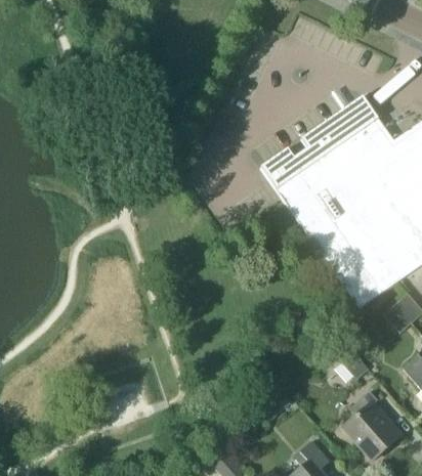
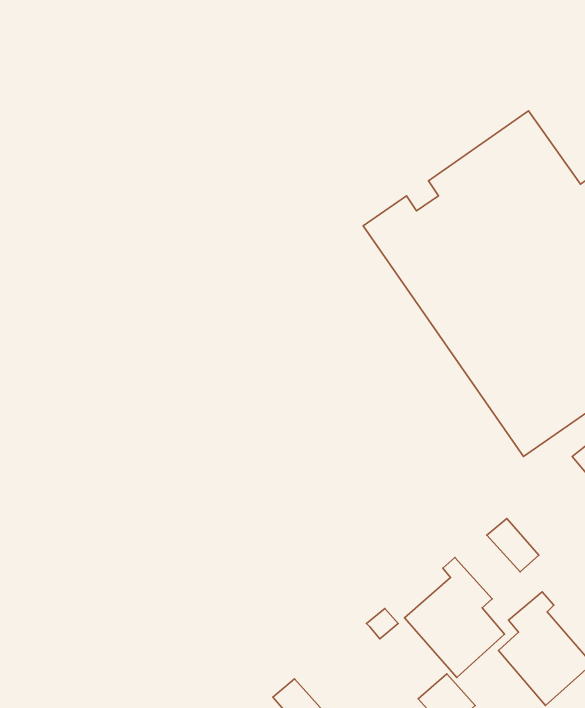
building: none -> [404,558,504,677]

